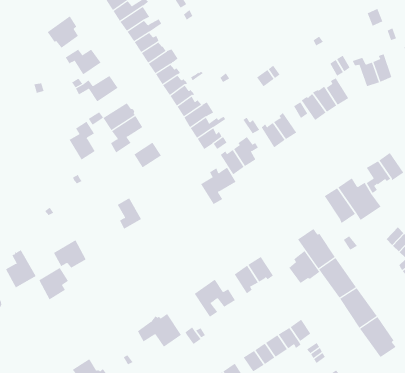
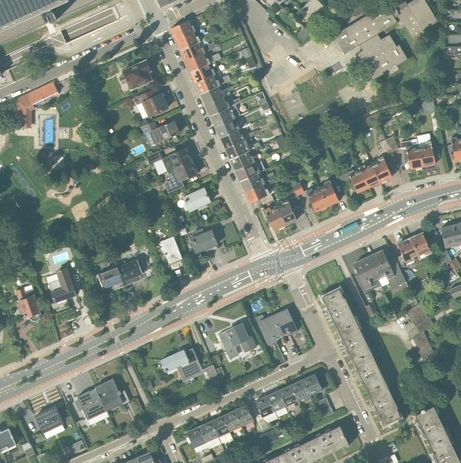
building: [69,121,96,160] -> none
building: [200,167,237,205] -> [183,228,217,262]
building: [288,250,320,284] -> none
building: [38,267,69,300] -> [118,257,146,286]

